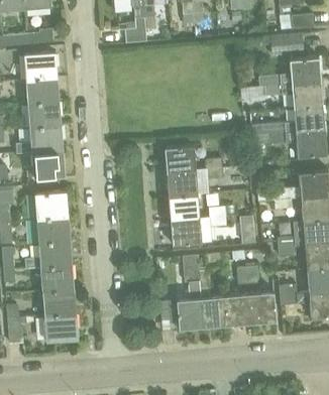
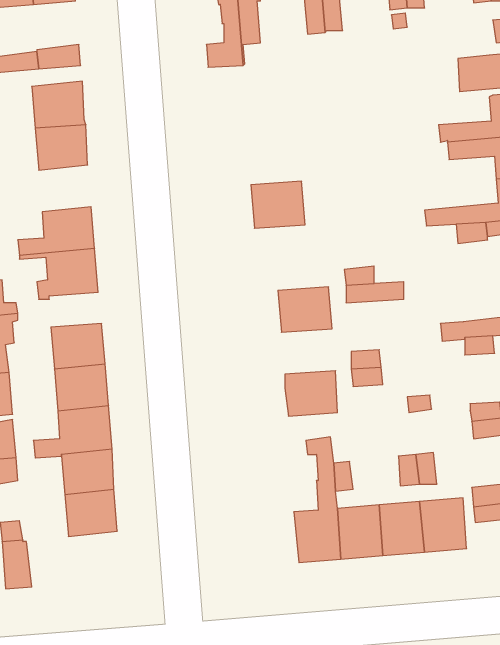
building: [28,100,59,127] -> none
building: [164,145,196,172] -> [251,181,305,228]
building: [169,194,200,221] -> none
building: [45,311,76,341] -> none

